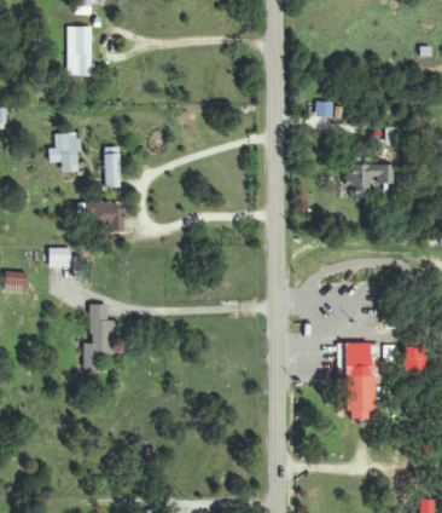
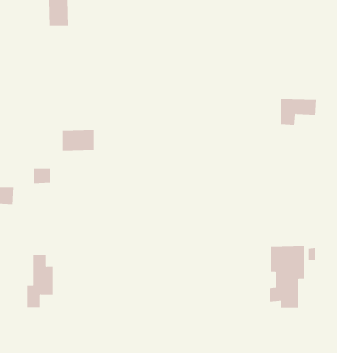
building: [50,133,80,172] -> none
building: [99,146,122,188] -> none
building: [83,305,116,370] -> [27,254,53,308]

